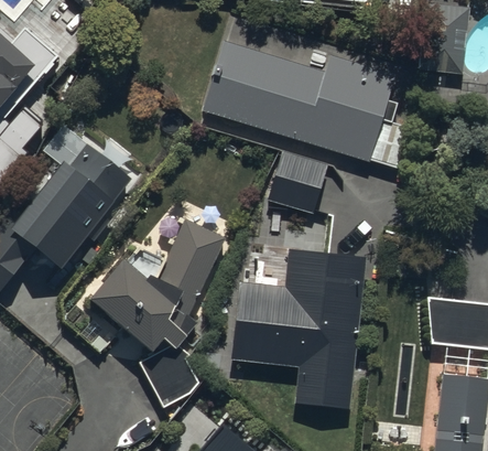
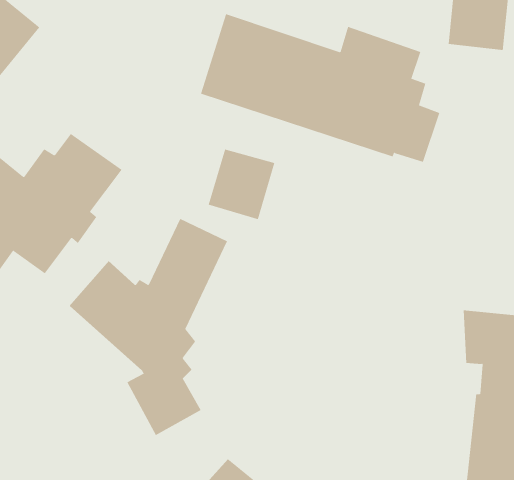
building: [268,152,326,214] -> [208,149,275,220]
building: [228,247,365,408] -> none

